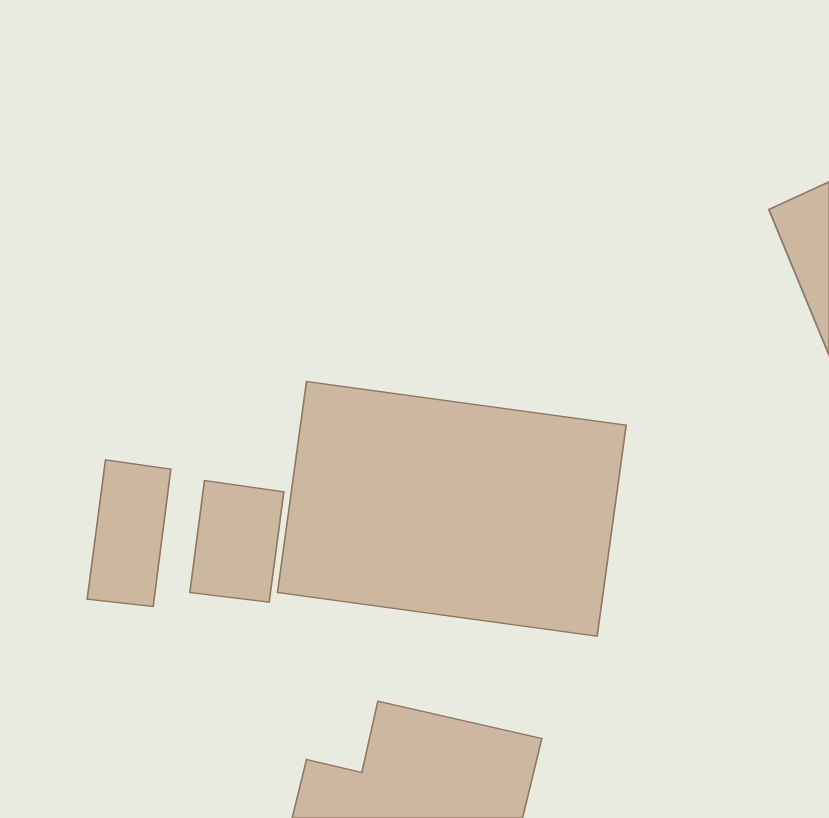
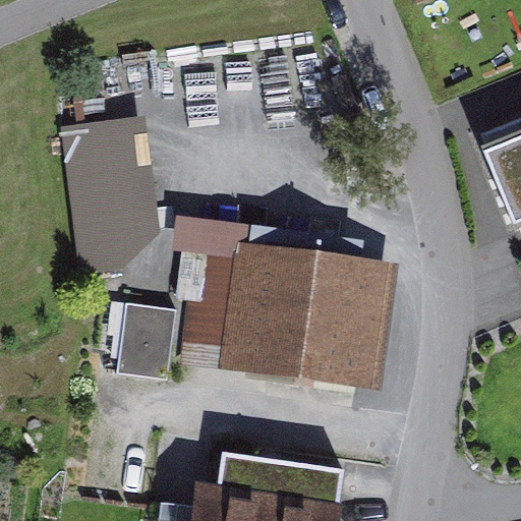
building: none -> [64,117,162,277]
building: [87,460,171,607] -> none

